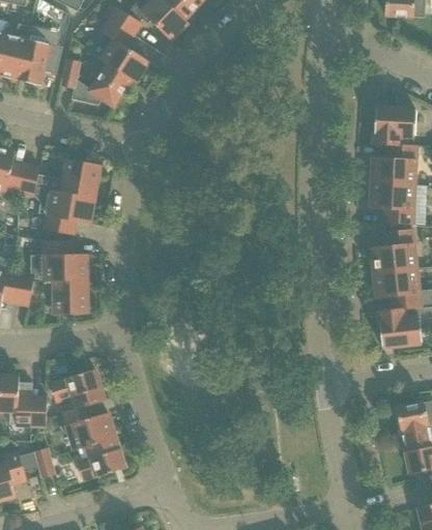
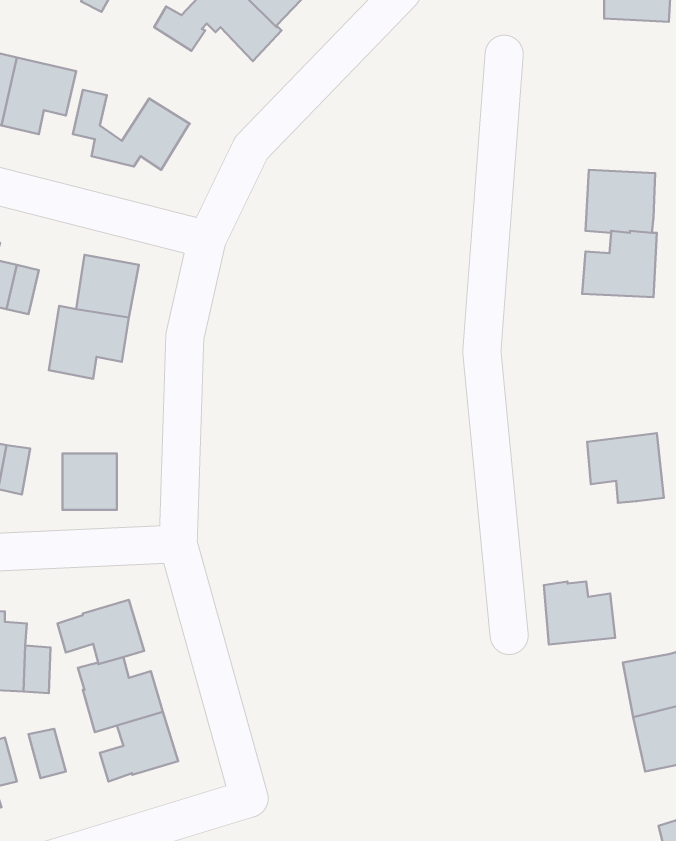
building: [98,19,148,81] -> none
building: [370,181,414,223] -> none
building: [371,227,416,271] -> none
building: [44,239,87,279] -> none
building: [378,307,422,346] -> [544,582,615,645]

